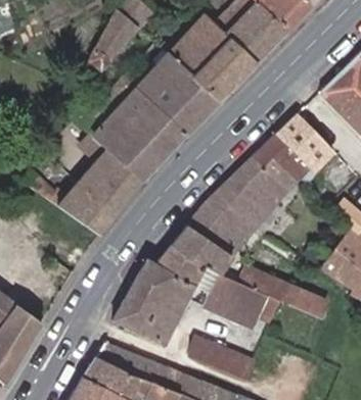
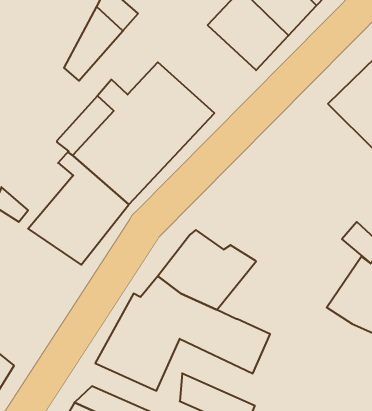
building: [168,14,257,101] -> none
building: [204,115,336,232] -> none
building: [239,264,329,319] -> none

